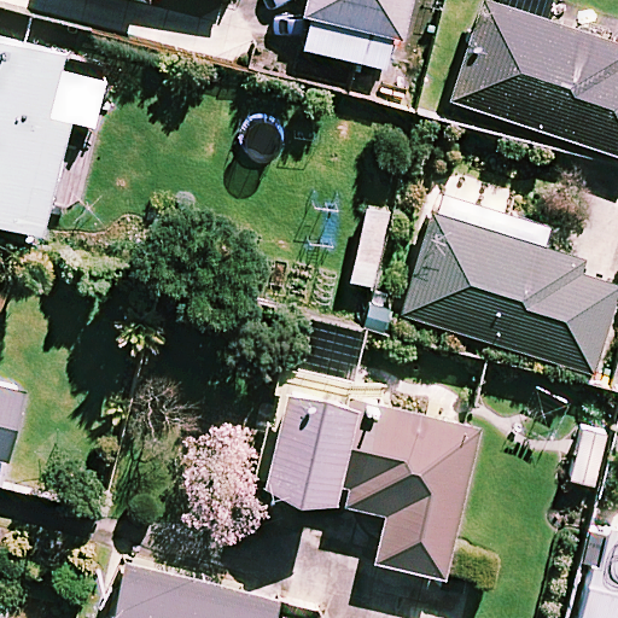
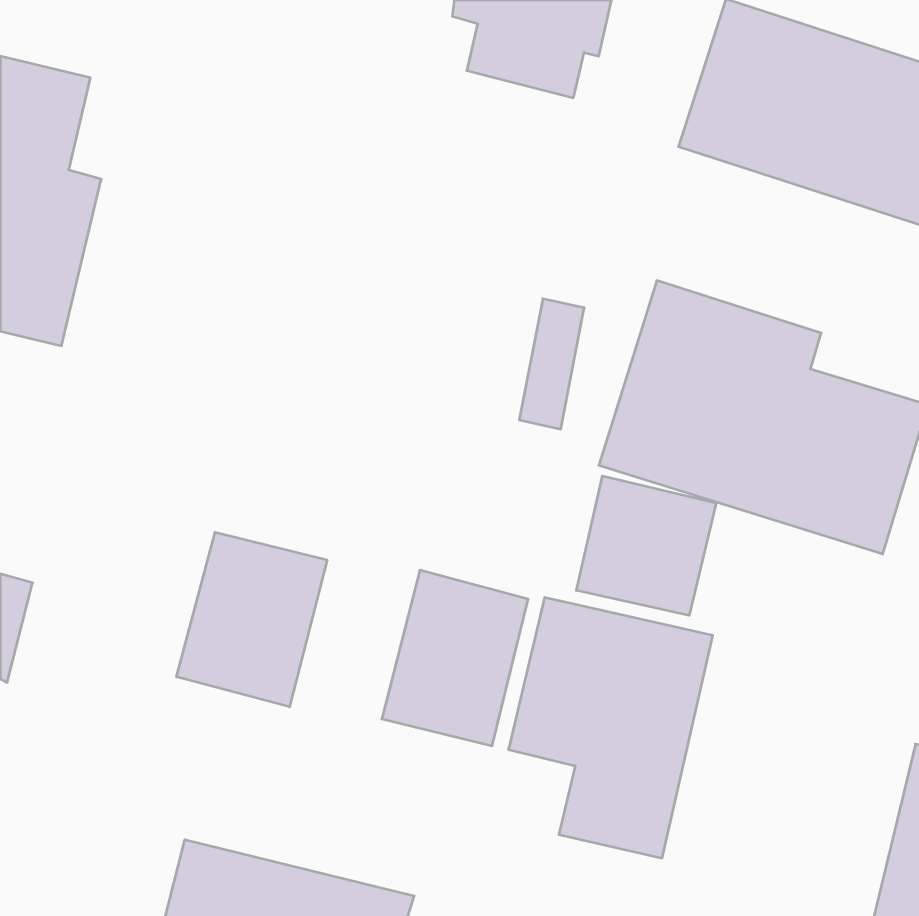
building: none -> [576,476,716,615]
building: none -> [177,532,327,707]

